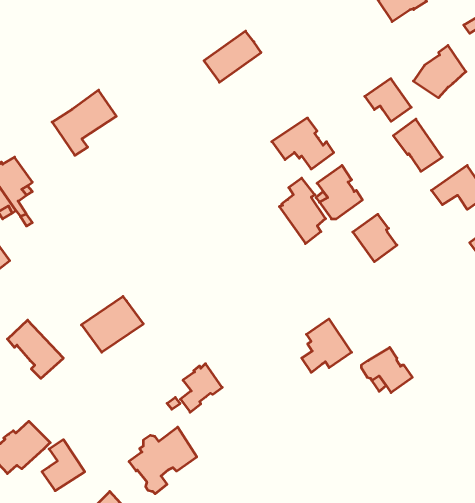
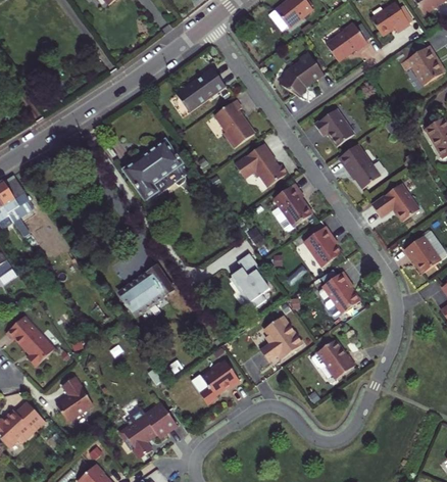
building: [413,45,466,98] -> [279,53,324,98]
building: none -> [210,99,255,148]
building: [52,90,116,155] -> [125,136,180,192]
building: [279,178,326,244] -> [230,252,269,308]
building: none -> [322,271,360,315]
building: [81,296,143,352] -> [121,261,175,309]
building: [180,364,222,412] -> [204,359,240,401]
building: [42,440,85,491] -> [56,377,93,421]

